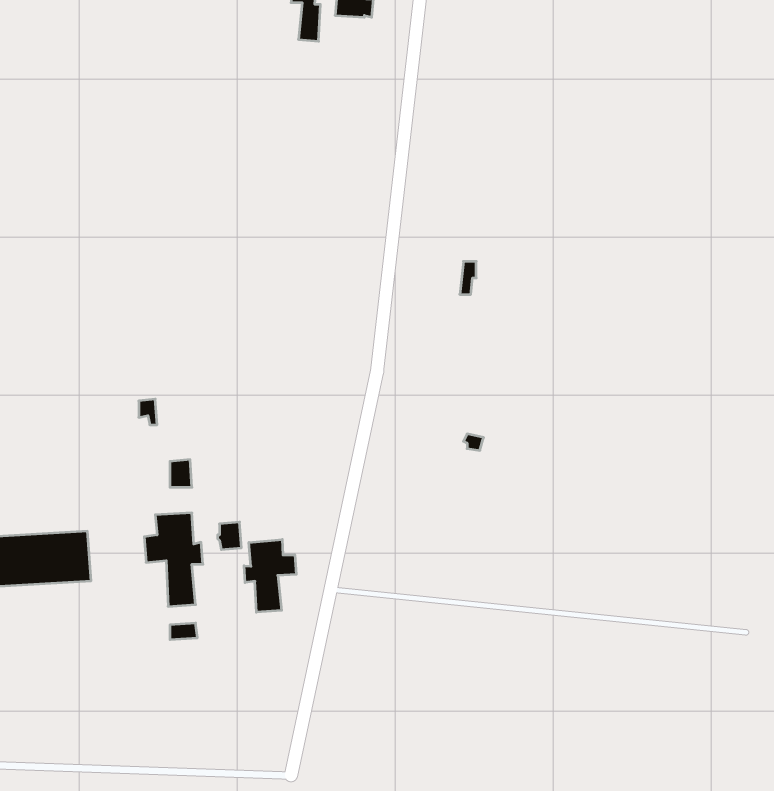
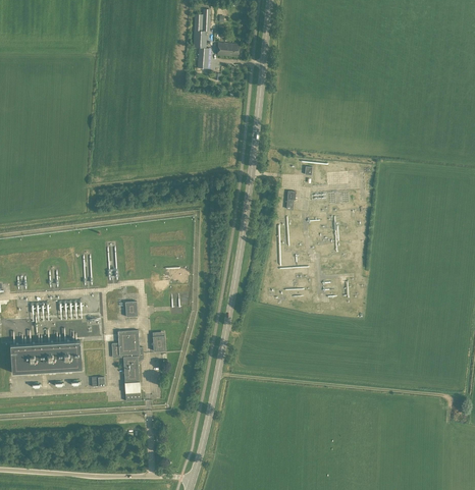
building: [244,539,296,612] -> none

